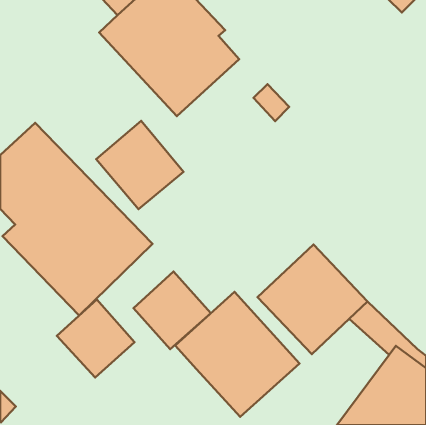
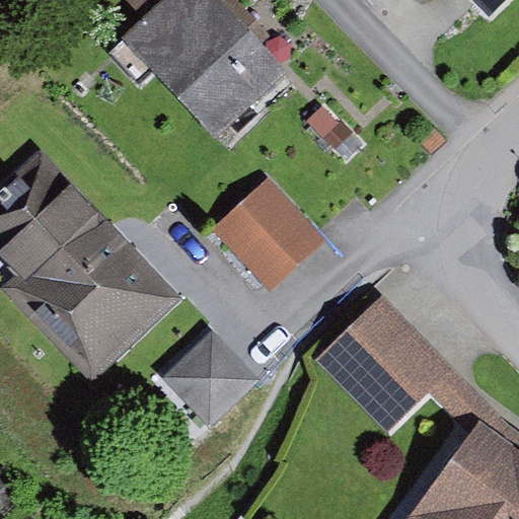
building: [96,121,184,209] -> [210,181,316,289]
building: [175,292,299,417] -> none
building: [57,300,134,378] -> none

